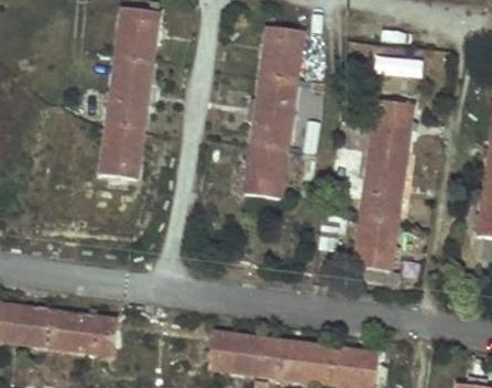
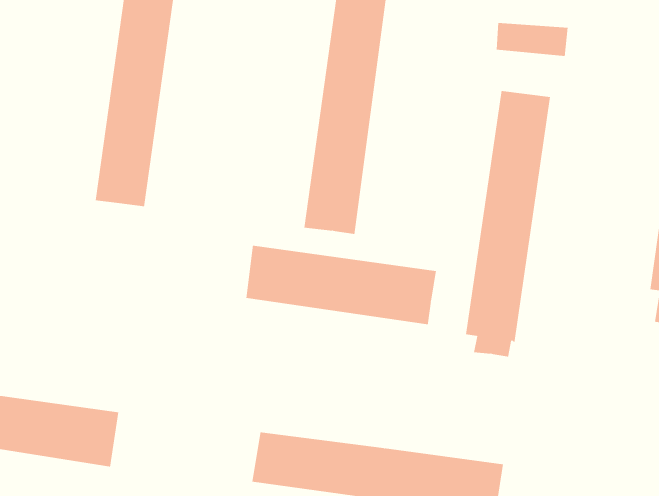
building: none -> [246,245,436,325]

